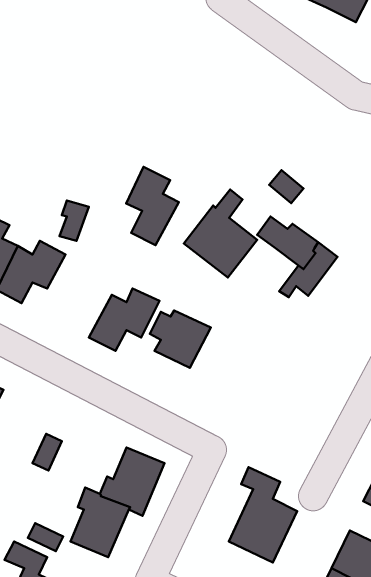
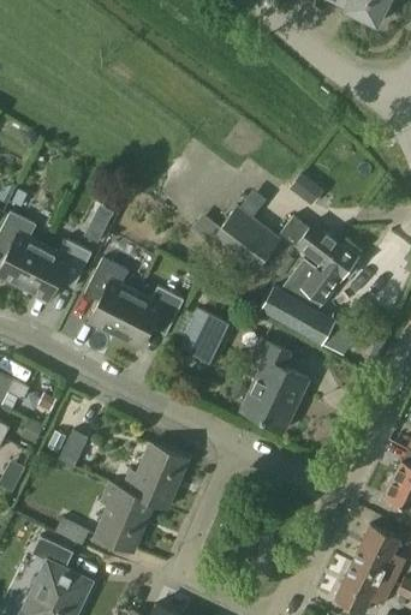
building: [126,167,179,245] -> [84,258,136,335]
building: none -> [260,285,344,350]
building: [229,467,297,562] -> [240,338,308,431]

